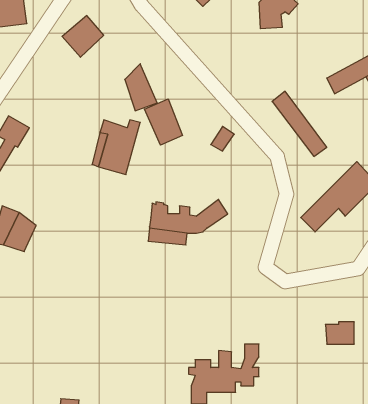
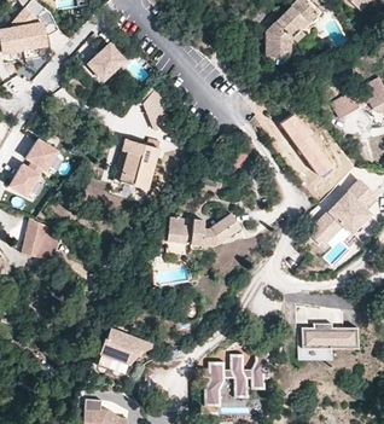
building: [144,99,183,145] -> none
building: none -> [301,324,342,348]
building: none -> [95,329,151,373]

